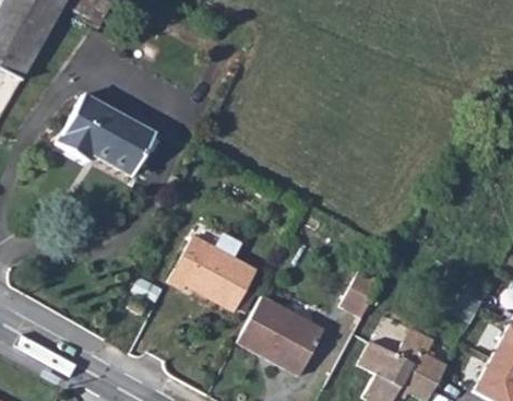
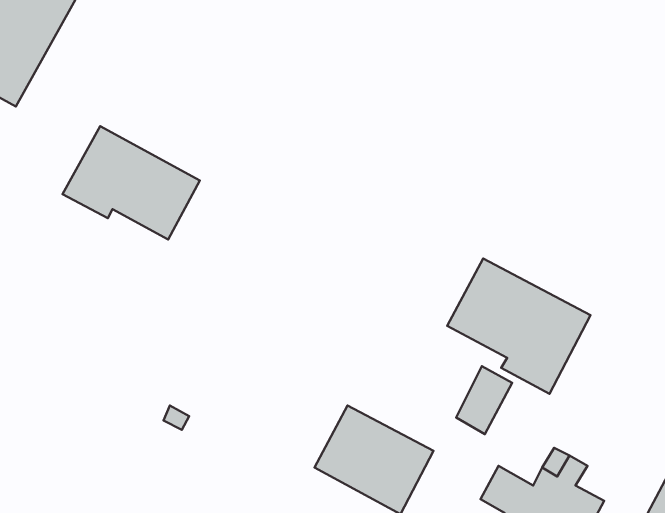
building: none -> [447,258,590,394]
building: [168,237,256,311] -> none

